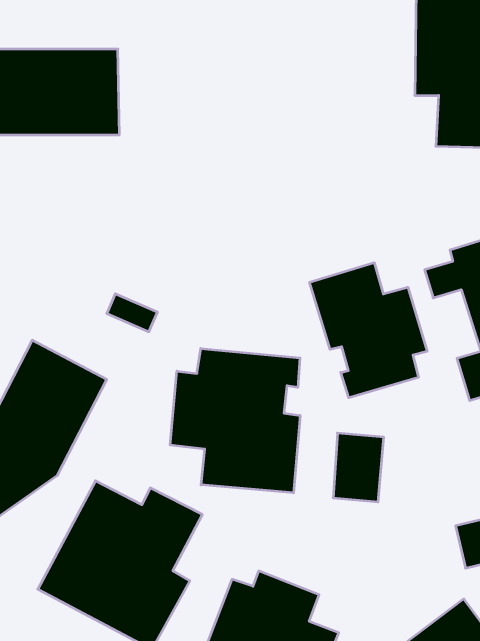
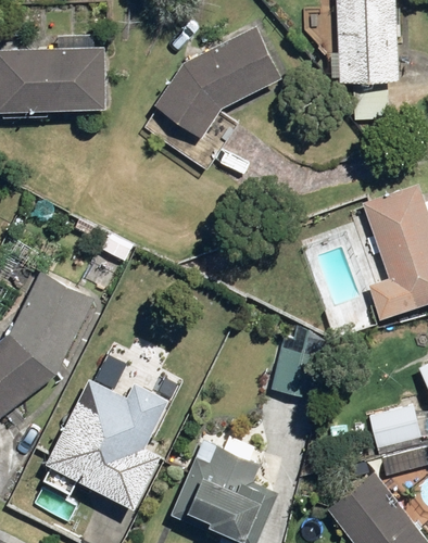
building: none -> [151,29,279,167]
building: [310,263,427,398] -> none
building: [170,348,300,493] -> none

